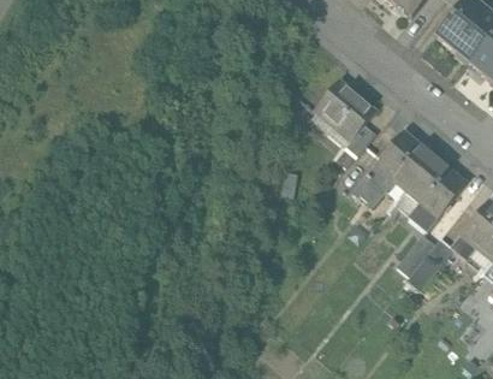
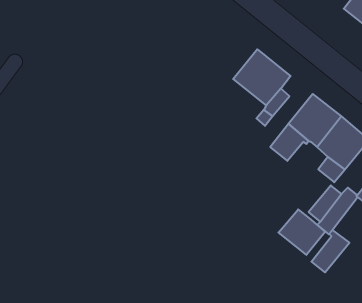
building: none -> [278,209,325,255]
building: none -> [311,230,349,272]

